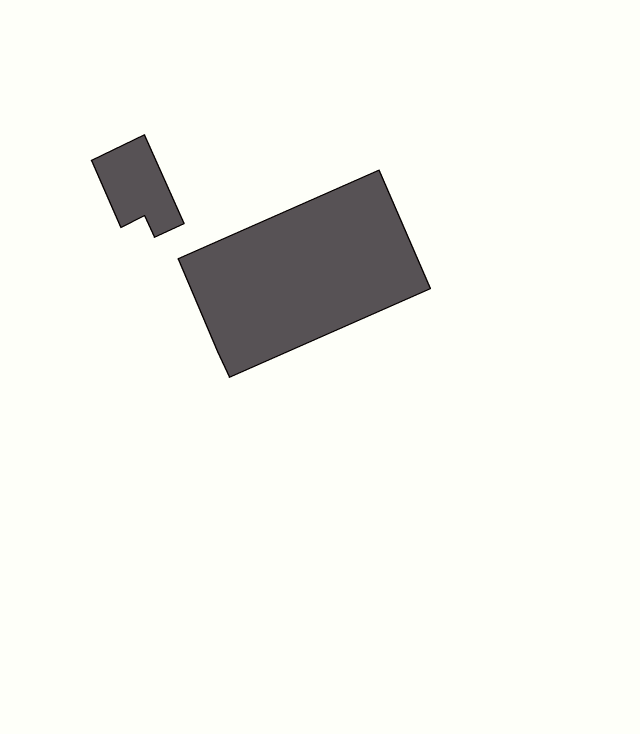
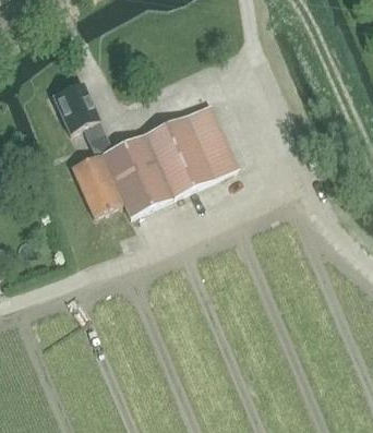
building: none -> [71,152,122,215]

